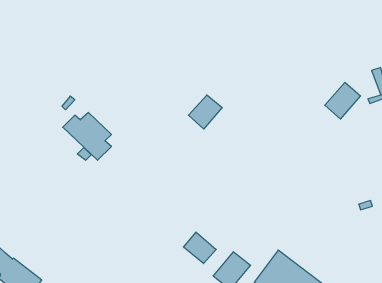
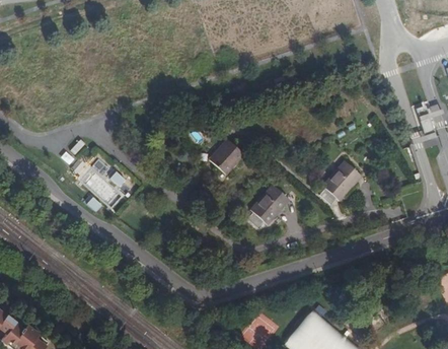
building: [325,82,361,119] -> [323,163,363,204]
building: none -> [251,181,296,225]
building: [183,232,216,264] -> none

